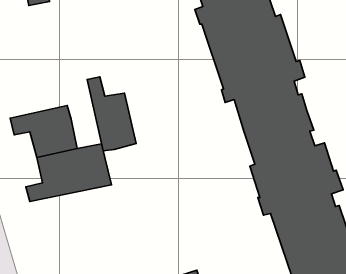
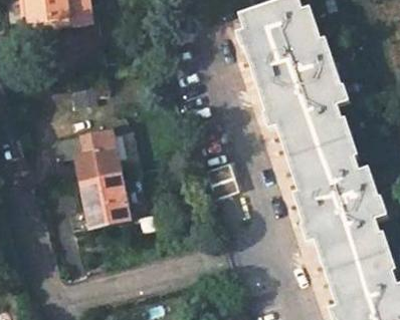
building: [87,77,136,151] -> none

